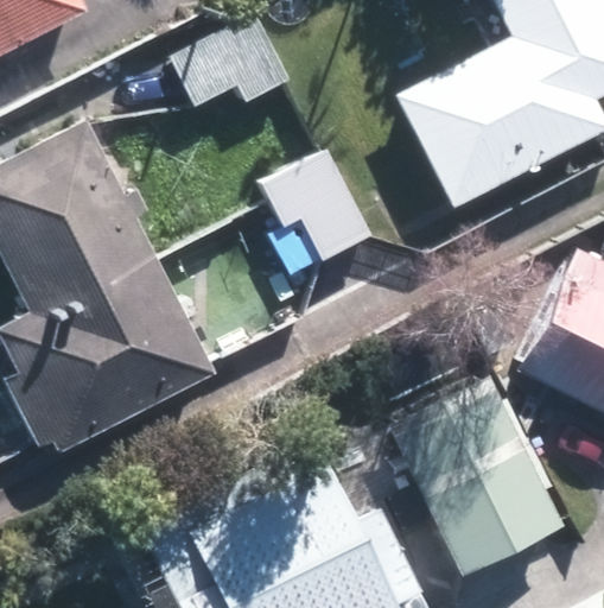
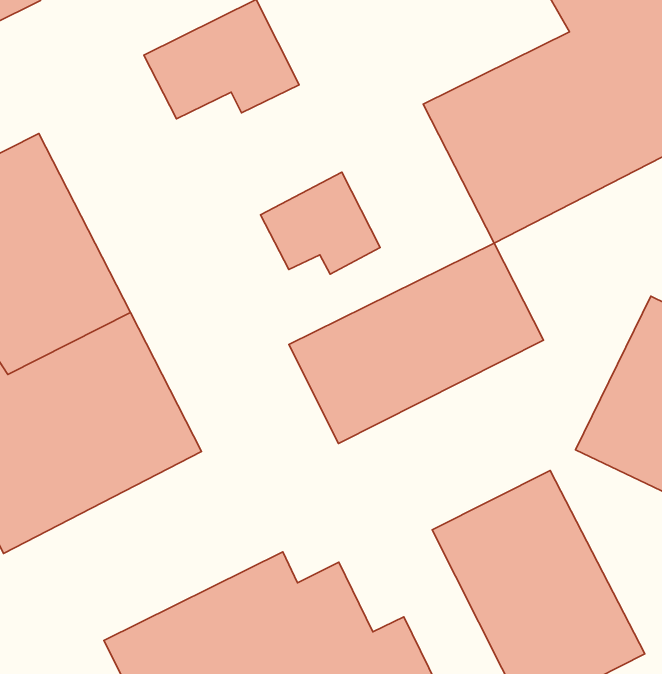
building: none -> [289,243,544,443]

